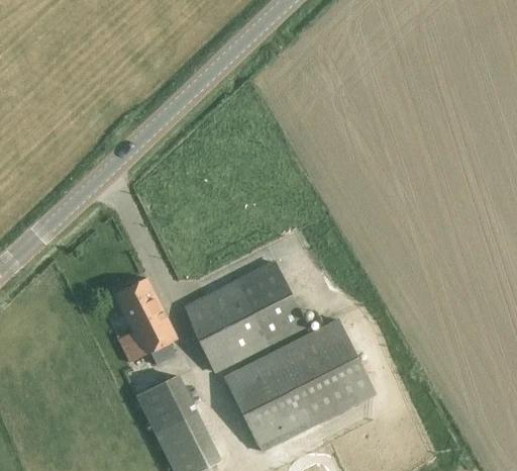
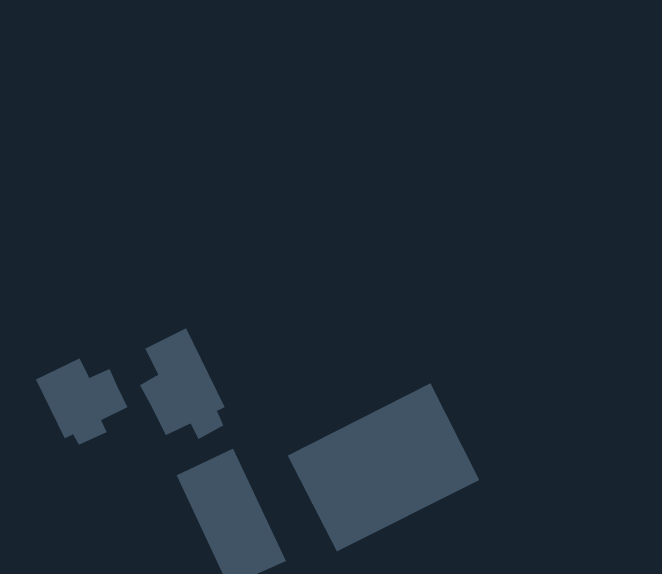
building: [185,260,308,374] -> none
building: none -> [35,357,128,446]

